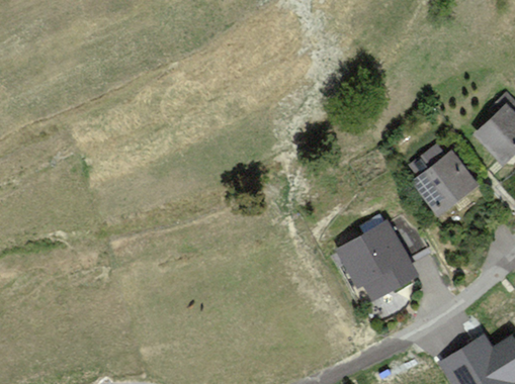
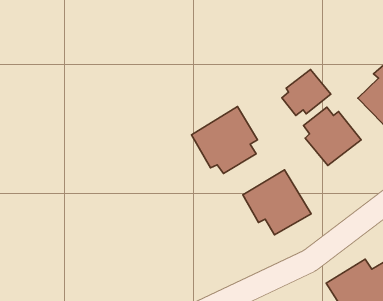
building: none -> [282,69,331,115]
building: none -> [191,107,258,174]

